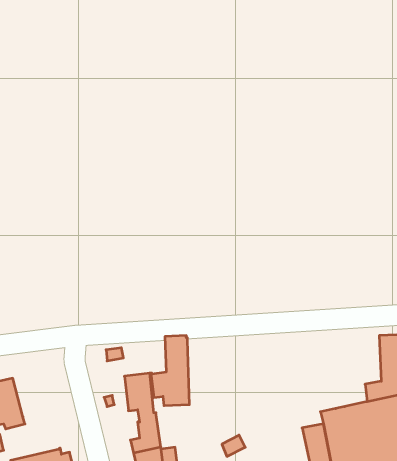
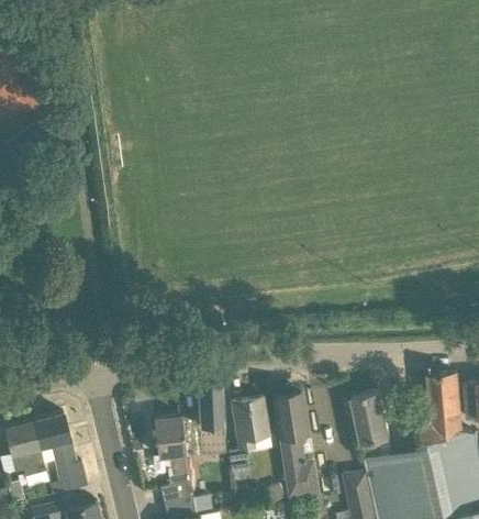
building: none -> [272,391,318,499]
building: none -> [353,391,391,457]
building: none -> [230,398,270,474]
building: none -> [33,412,87,493]

